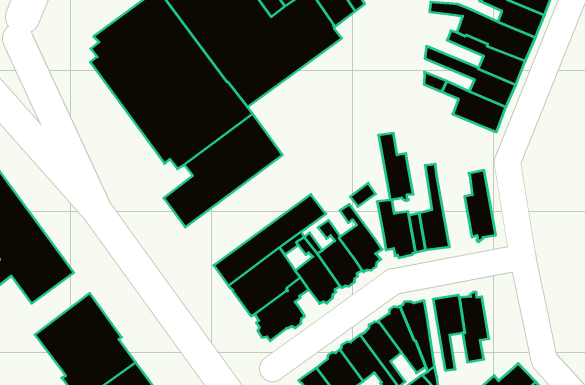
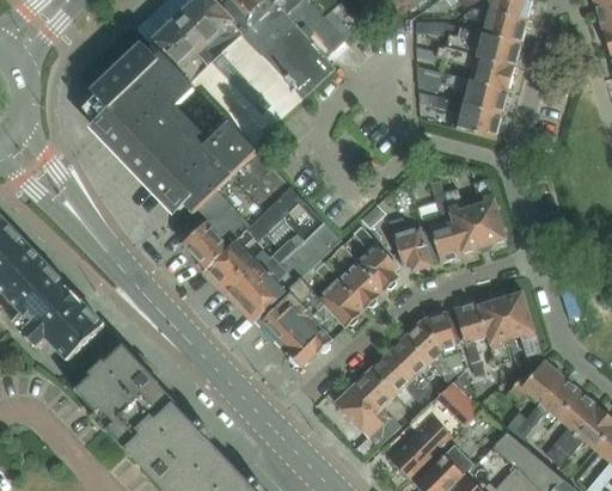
building: [378,133,413,201] -> [442,188,483,252]
building: none -> [206,188,323,302]
building: none -> [500,290,539,355]

